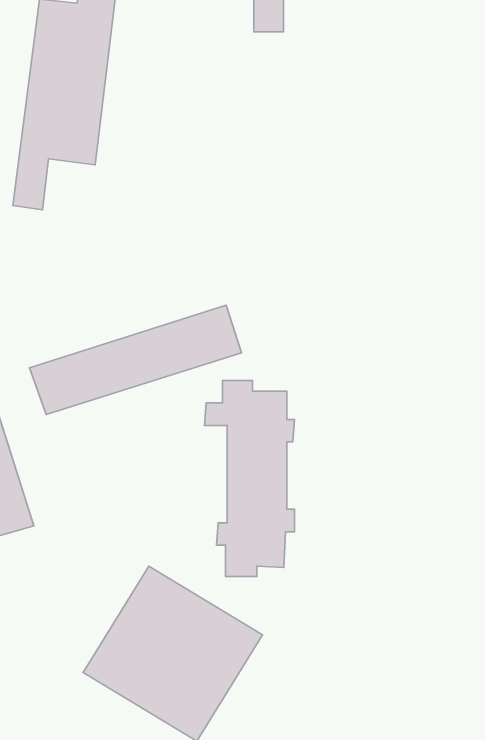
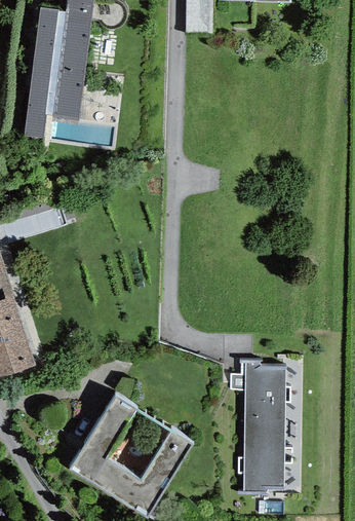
building: [30,305,242,415] -> none
building: [205,381,294,577] -> [230,358,291,492]

